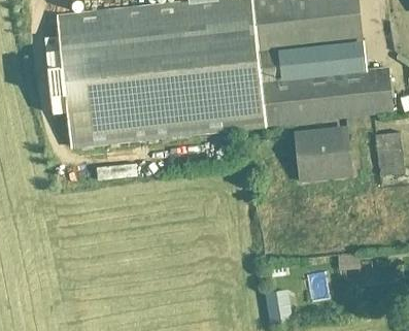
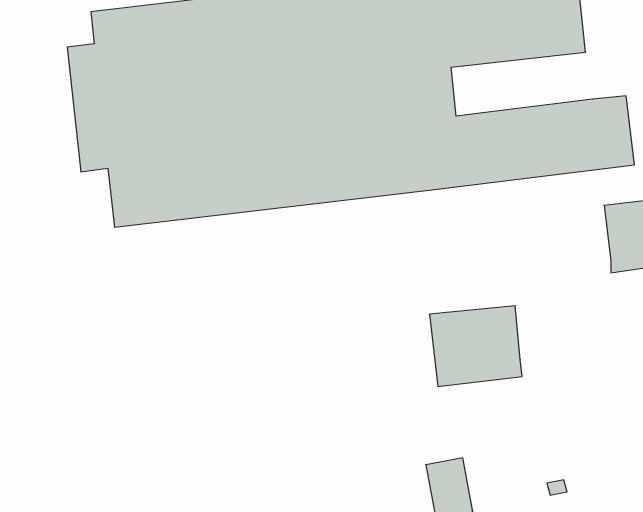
building: [279,40,366,79] -> none
building: [295,129,351,178] -> [429,306,522,387]

